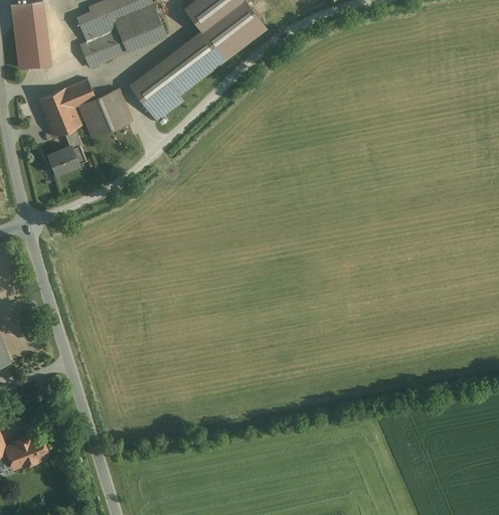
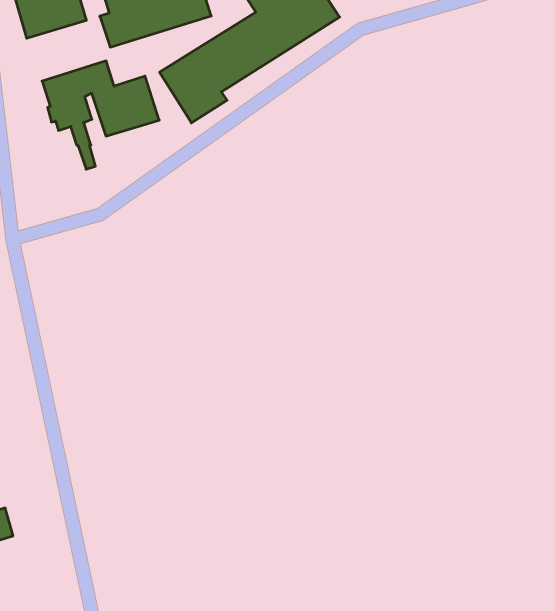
building: [48,147,79,175] -> none

